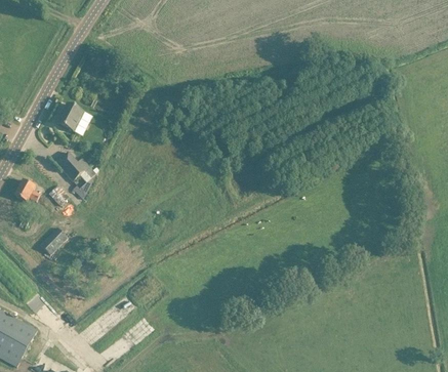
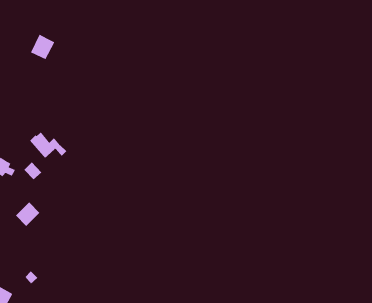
building: [56,101,84,130] -> [30,34,55,60]

